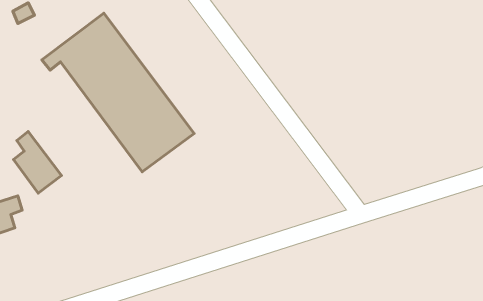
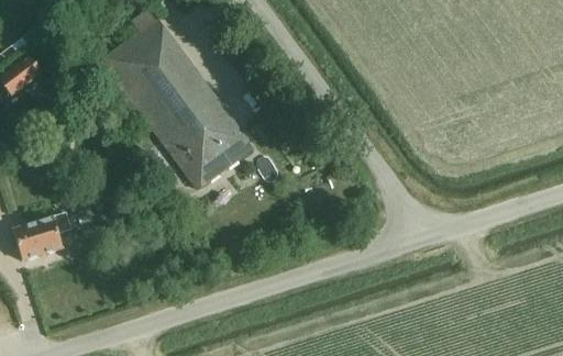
building: [13,131,62,193] -> none

